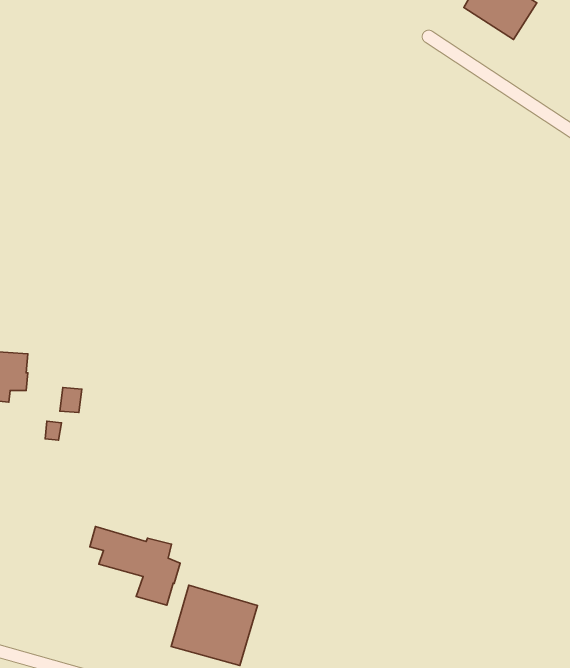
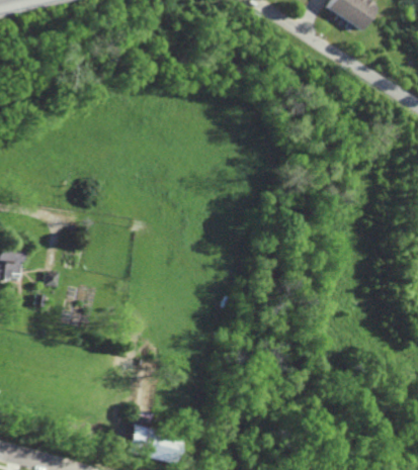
building: [90,526,180,605] -> none

